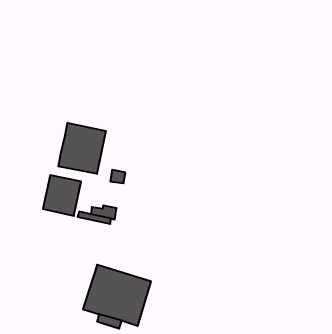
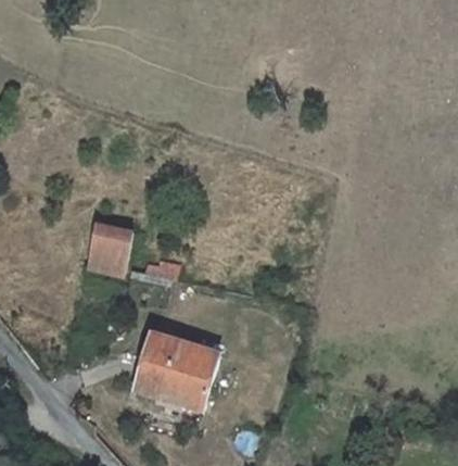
building: [58,123,106,174] -> none

